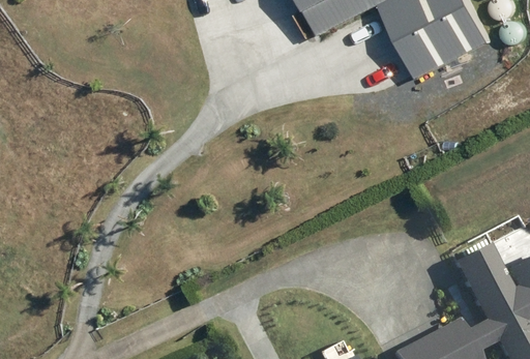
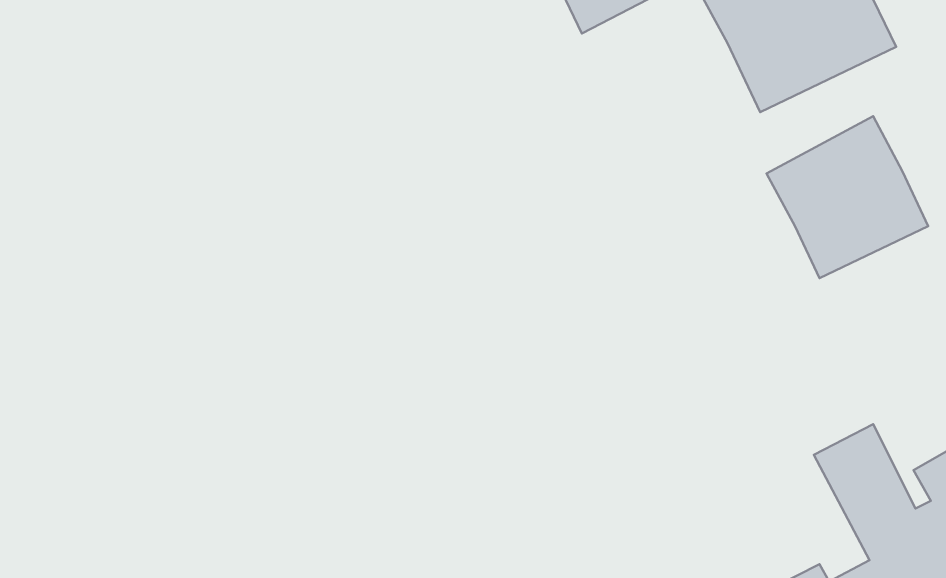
building: none -> [766,116,928,278]

